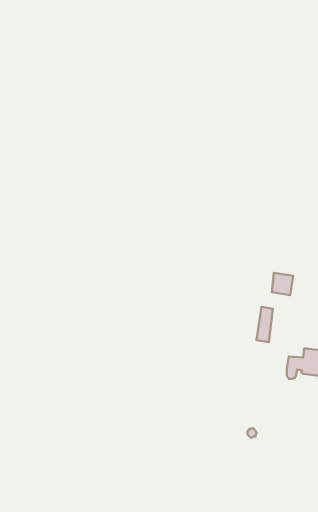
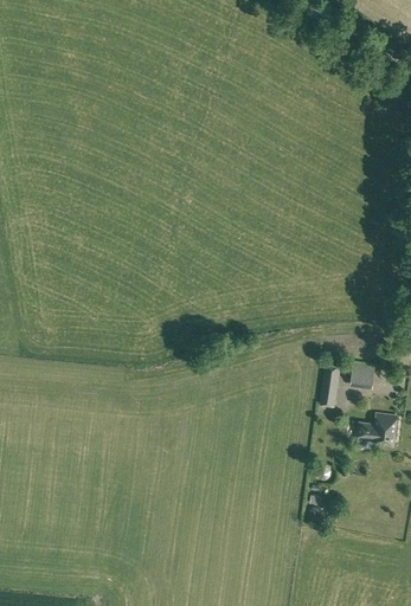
building: [272,273,293,295] -> [352,362,377,388]

